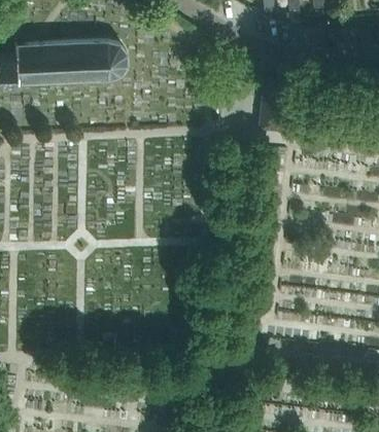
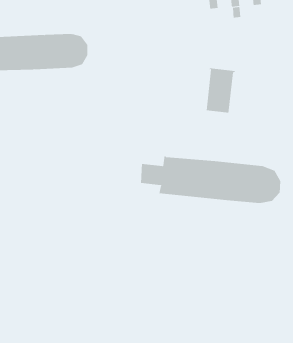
building: none -> [141,155,281,204]

